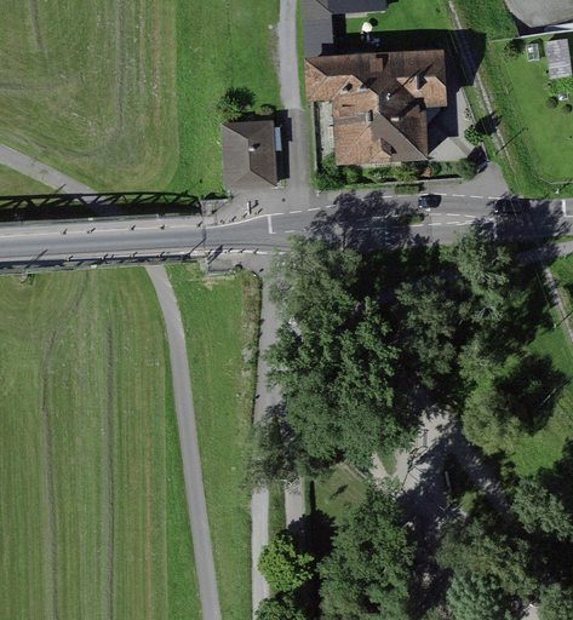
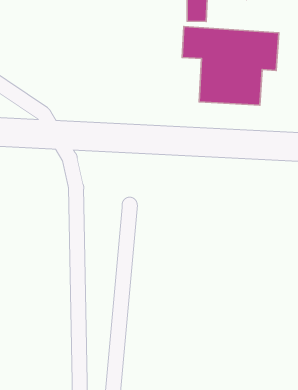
building: [222,119,277,185] -> none

